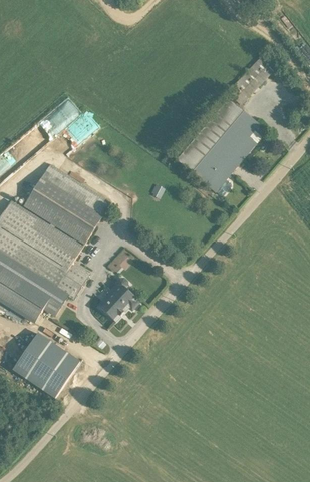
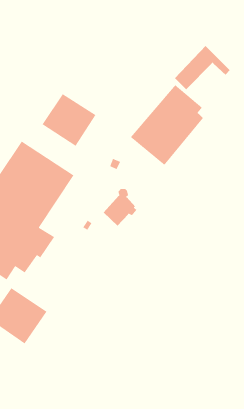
building: none -> [41,93,97,147]
building: [97,278,137,322] -> [103,188,137,226]

